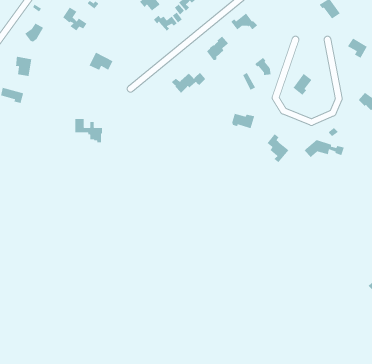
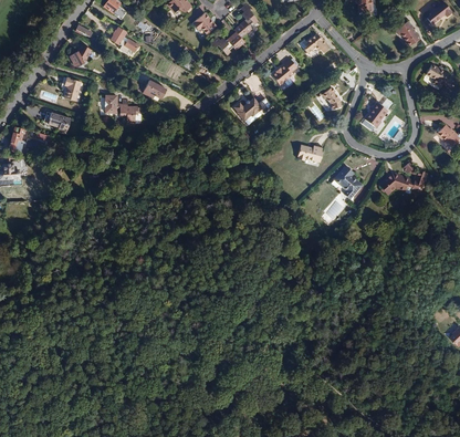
building: [75,118,103,143] -> [108,97,139,125]

